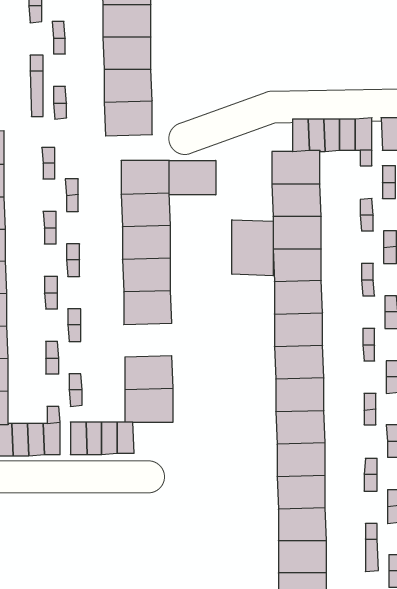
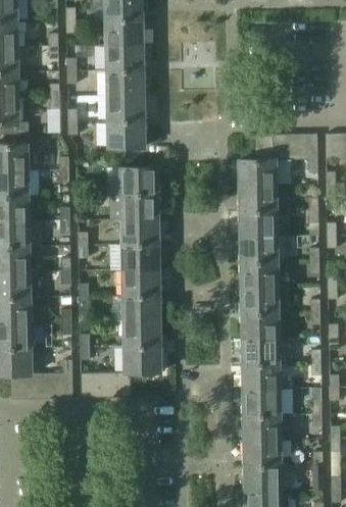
building: [169,160,216,195] -> none
building: [232,220,273,276] -> none
building: none -> [122,295,160,321]

